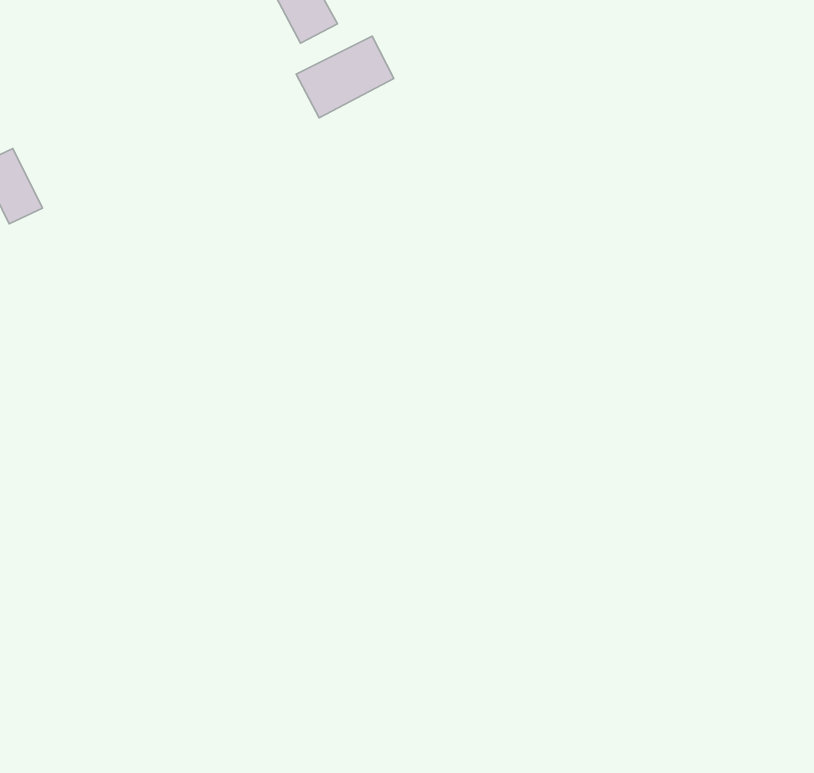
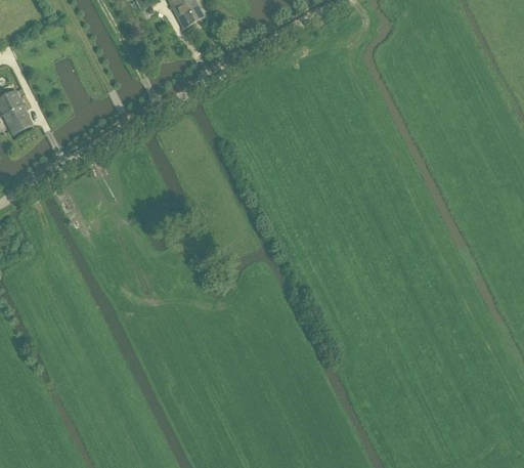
building: [296,36,394,118] -> none

